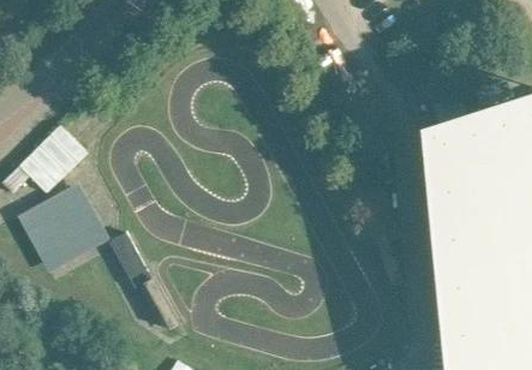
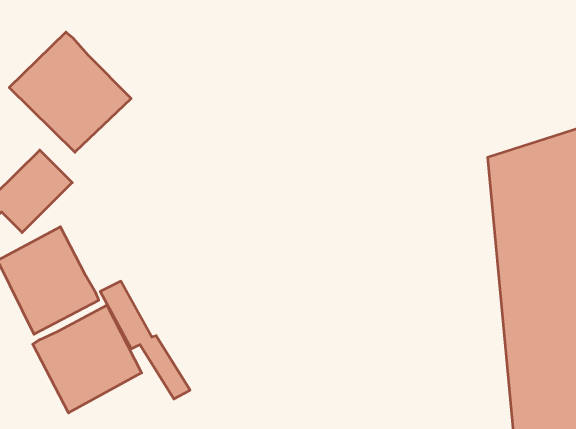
building: none -> [9,32,131,152]
building: none -> [33,305,142,413]

